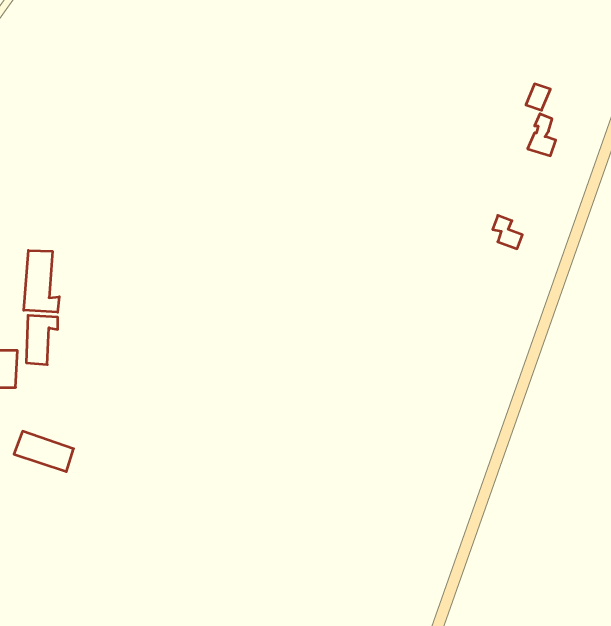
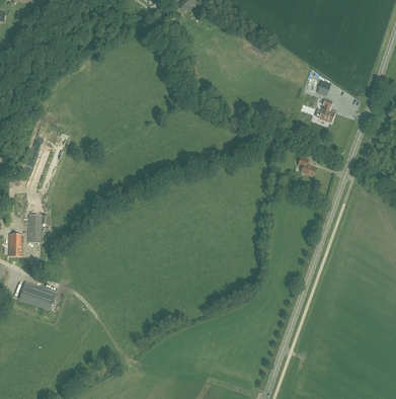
building: [24,250,59,312] -> none

